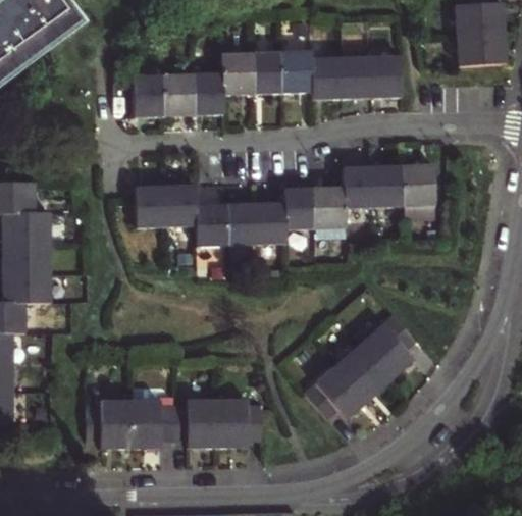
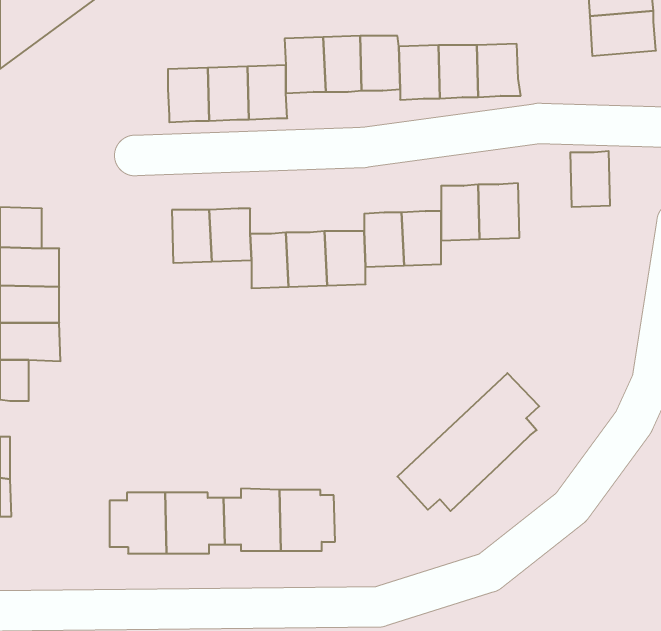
building: [402,163,432,206] -> [570,151,610,207]

